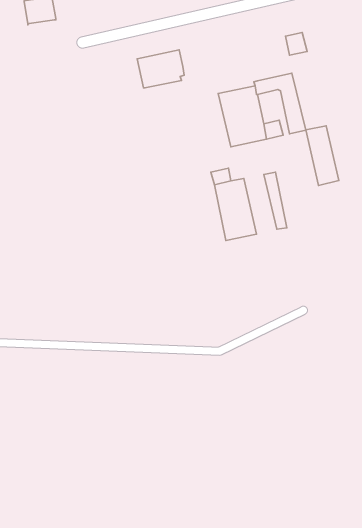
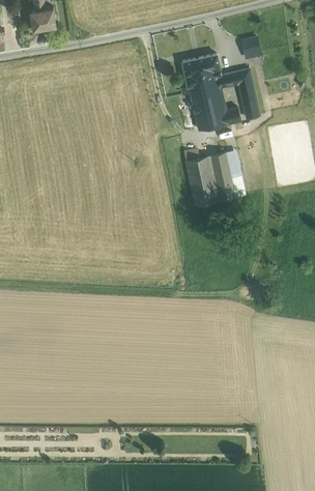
building: [137,50,184,88] -> [181,55,220,86]
building: [306,126,339,186] -> [208,152,235,201]

